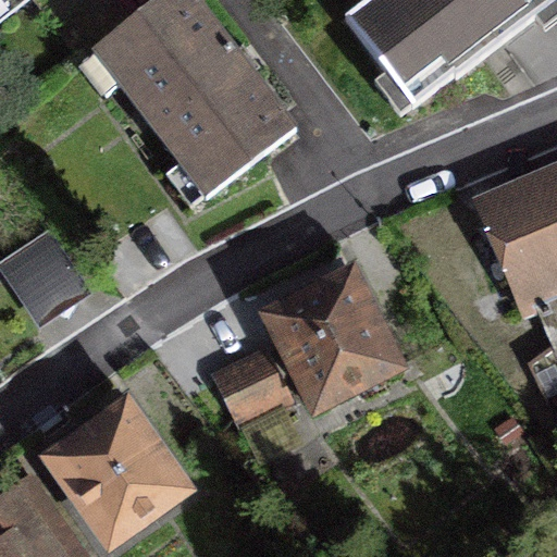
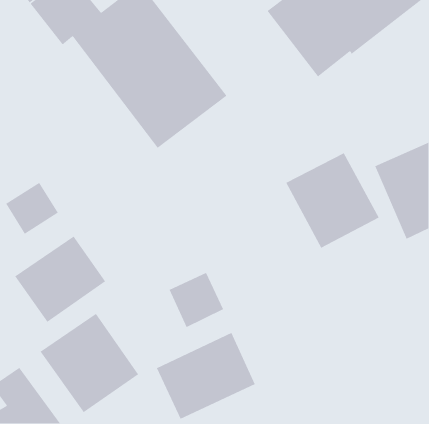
building: [271,274,393,399] -> [285,152,380,249]
building: none -> [14,235,106,323]
building: none -> [156,332,256,420]

